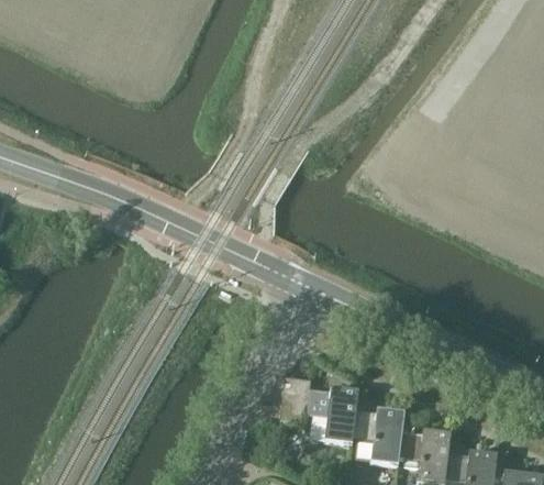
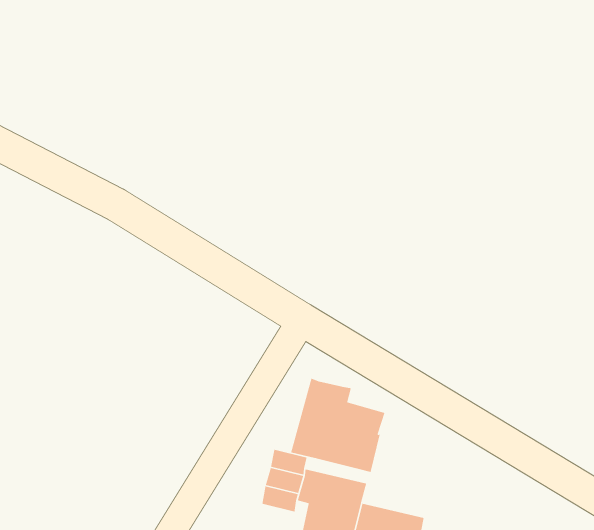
building: none -> [290,378,385,473]

